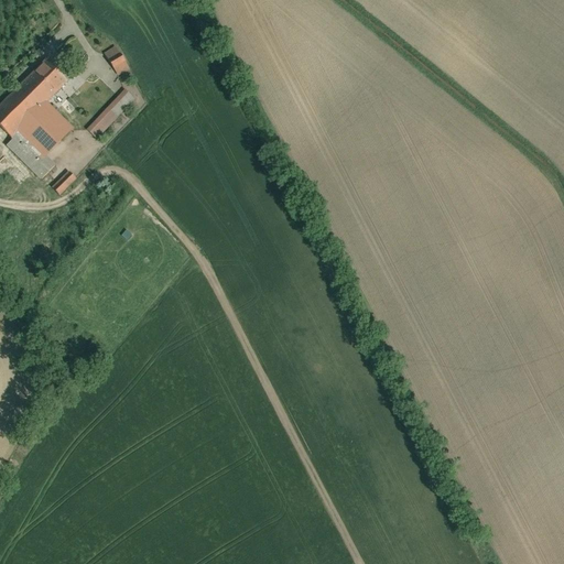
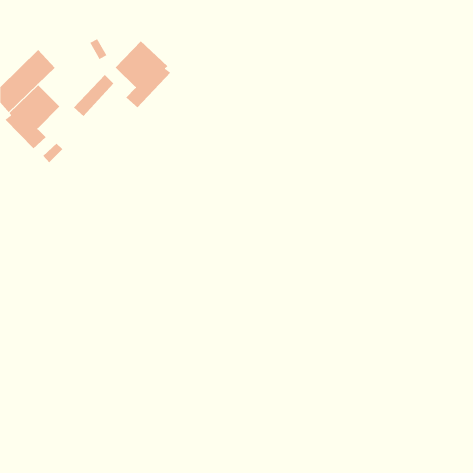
building: none -> [115,41,171,108]

